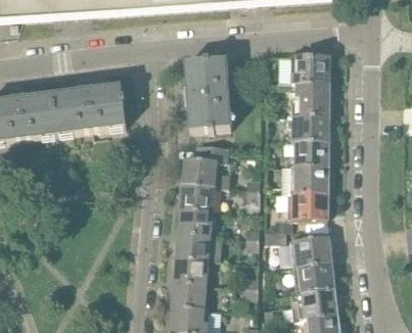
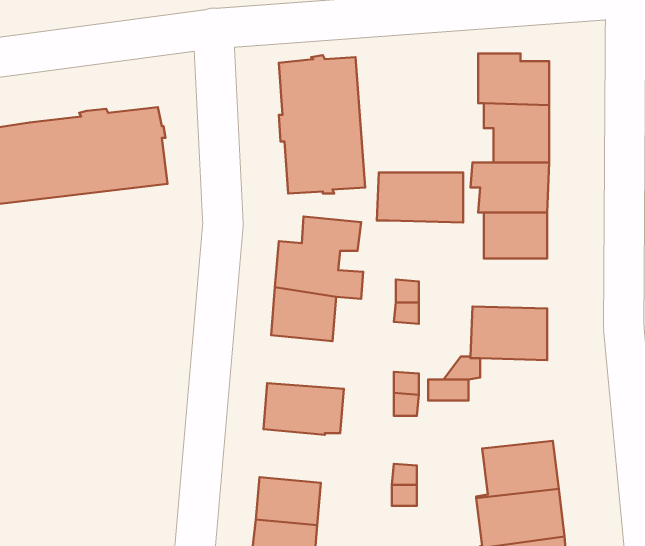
building: [282,163,328,190] -> [377,173,463,222]
building: [179,204,220,233] -> none
building: [290,233,331,265] -> none
building: [175,254,210,283] -> none

